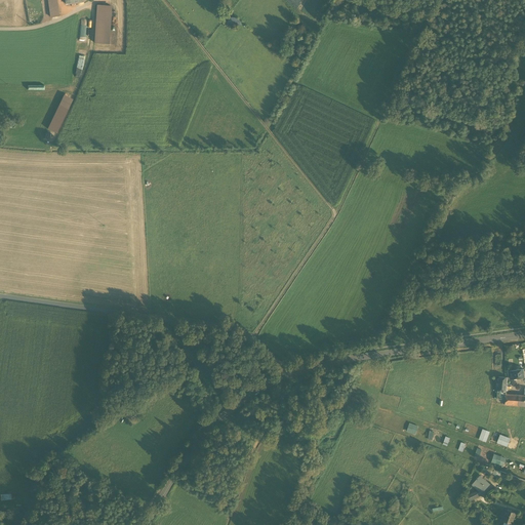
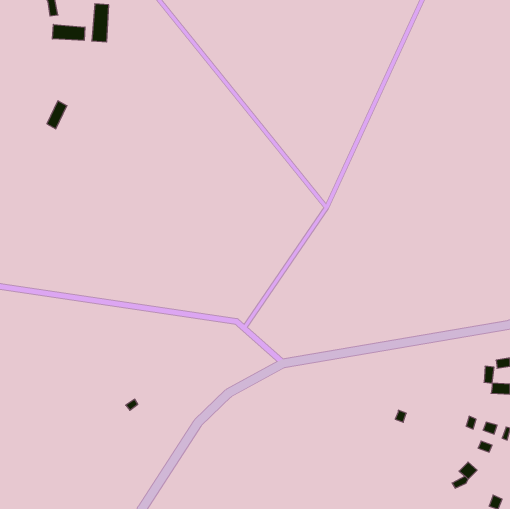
building: none -> [52,24,85,40]

